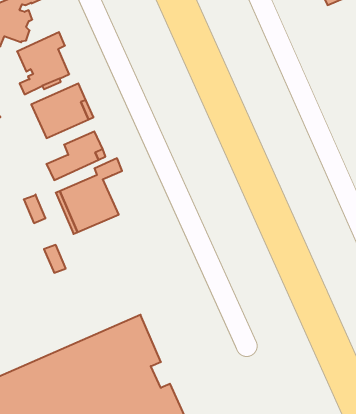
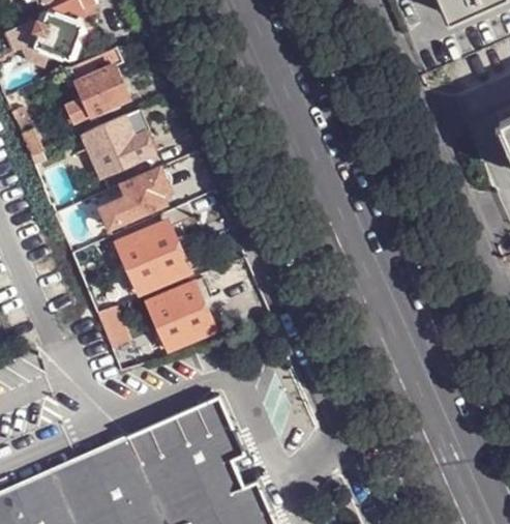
building: none -> [147,283,215,351]

